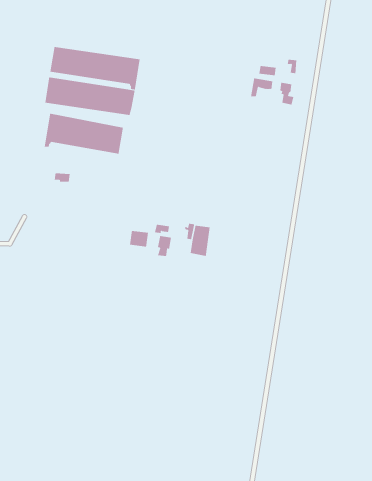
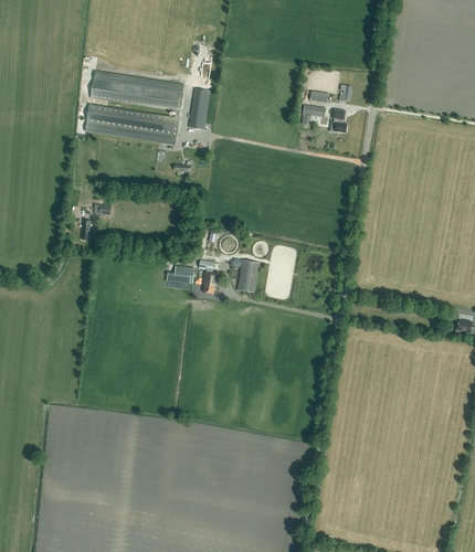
building: none -> [188,88,209,129]
building: [44,113,123,155] -> none

